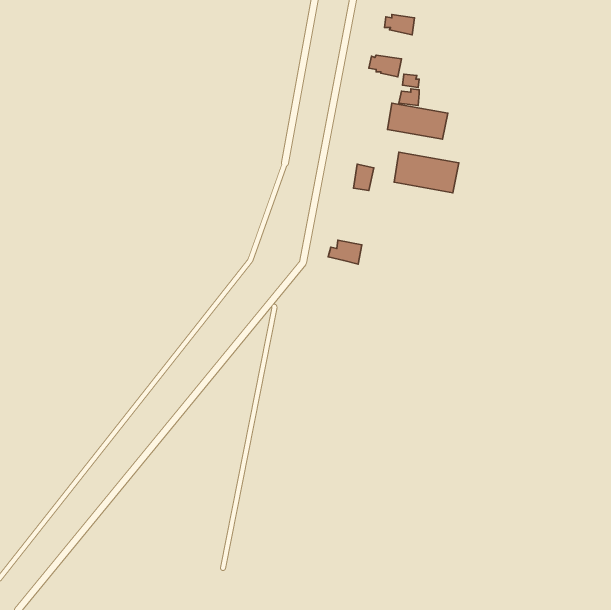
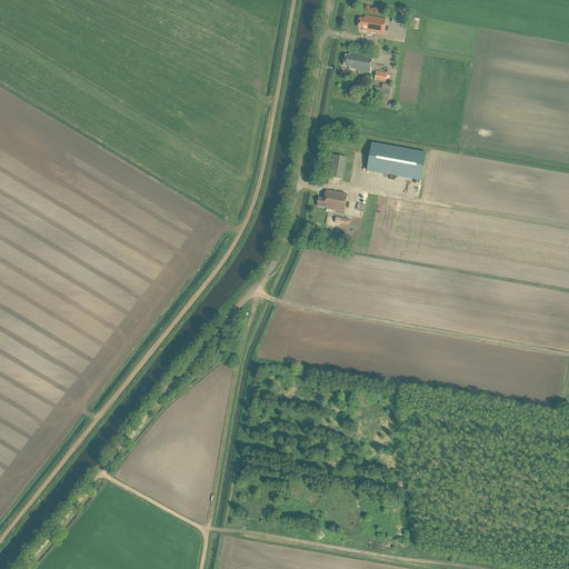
building: [388,103,448,139] -> none
building: [328,240,362,264] -> [316,188,347,210]

